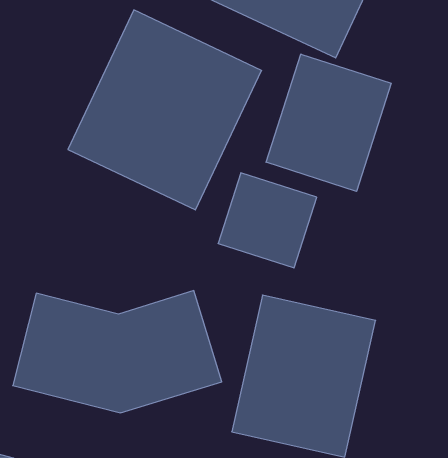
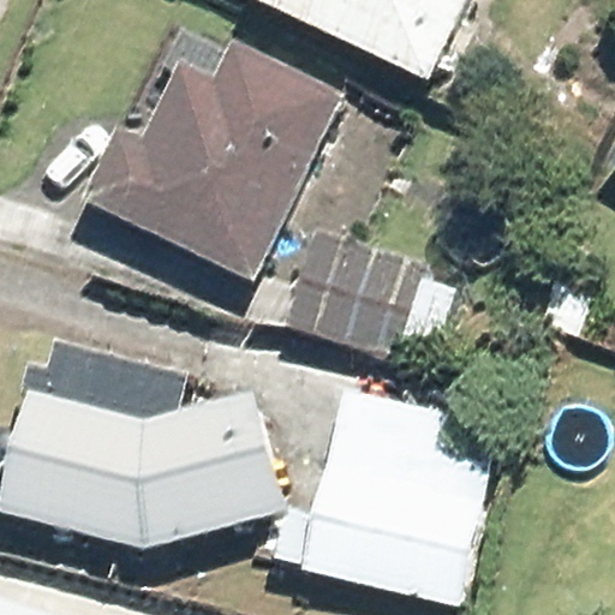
building: [266,54,391,191] -> none

